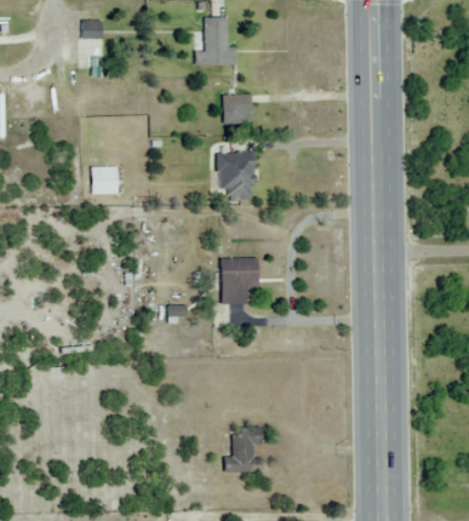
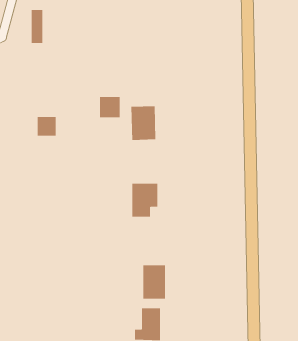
building: [195,17,236,65] -> none
building: [223,95,252,124] -> [99,97,121,118]
building: none -> [143,264,166,299]

